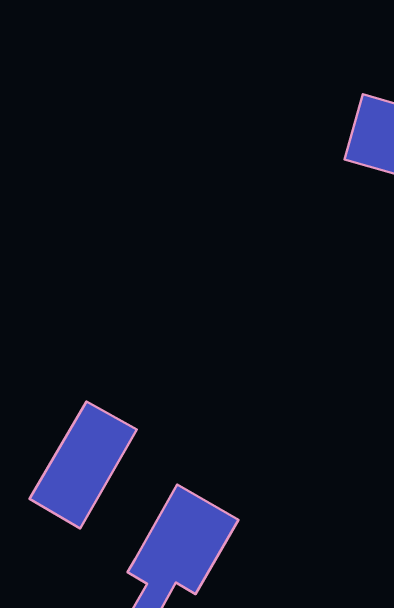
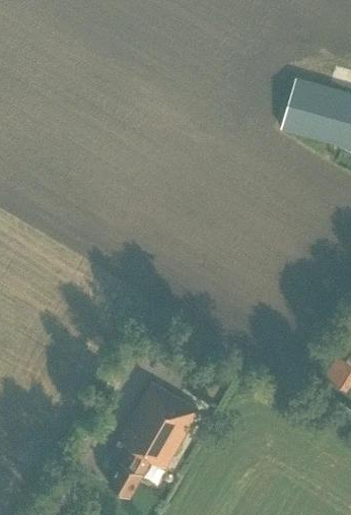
building: [30,401,137,529] -> none

